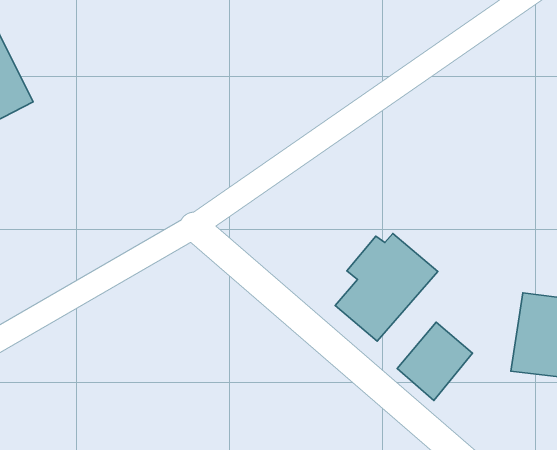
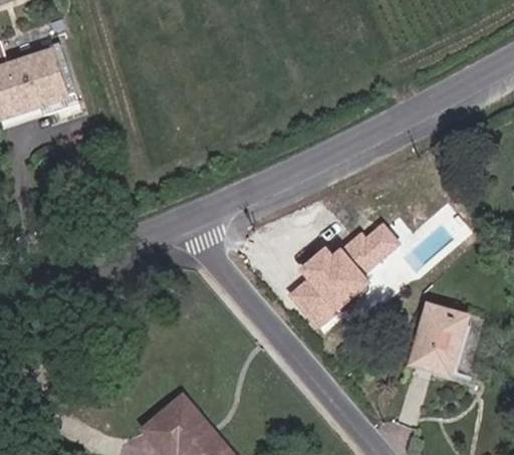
building: none -> [341,220,400,271]
building: [397,322,472,401] -> none

